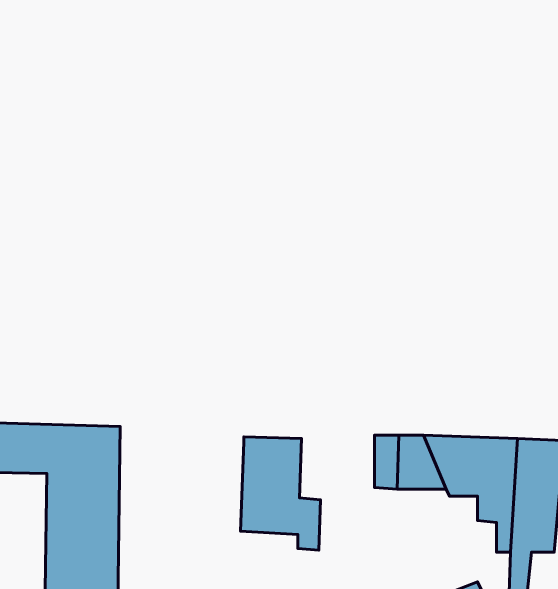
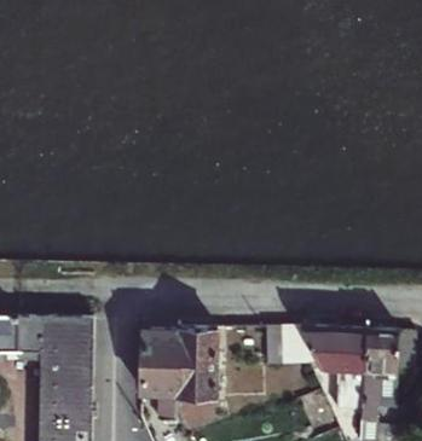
building: none -> [141,327,178,420]

